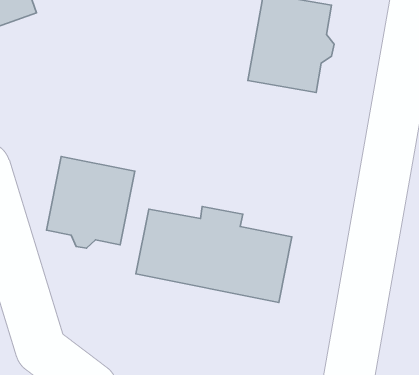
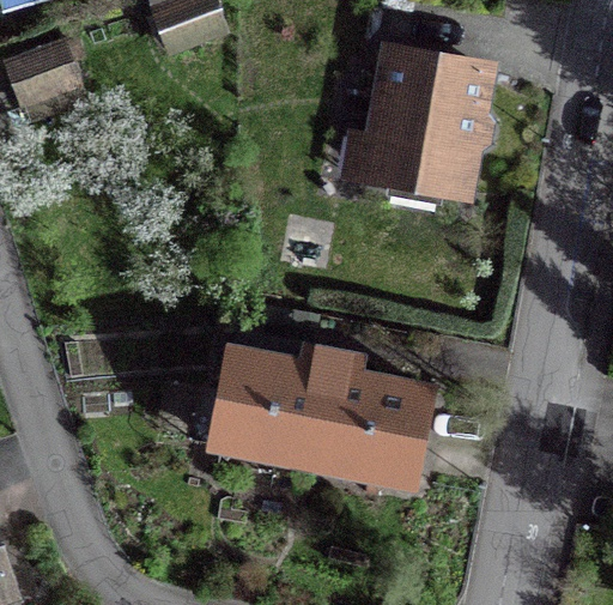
building: [47,157,135,248] -> none

